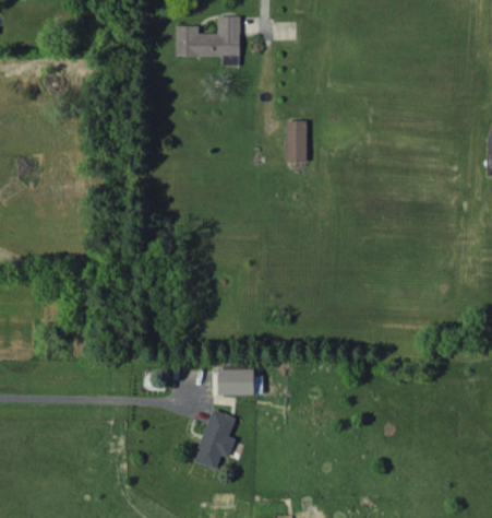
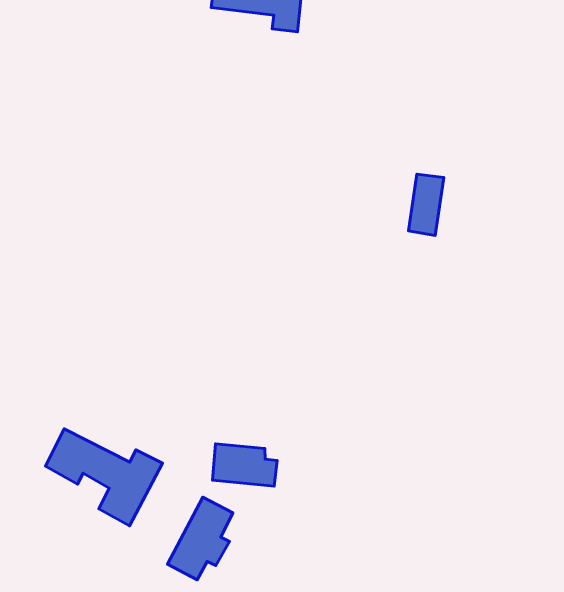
building: [286,120,307,163] -> [408,174,444,236]
building: none -> [45,429,163,526]

